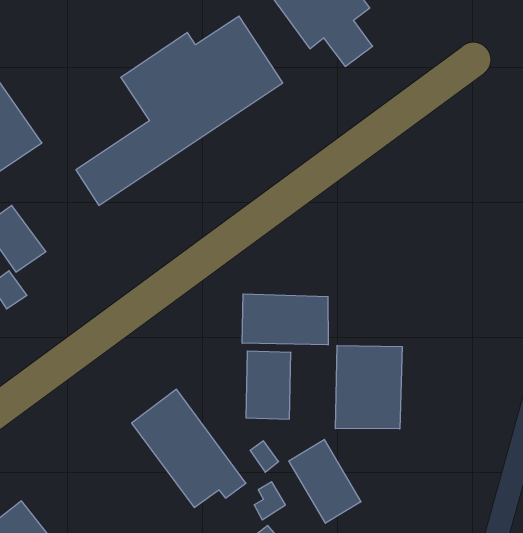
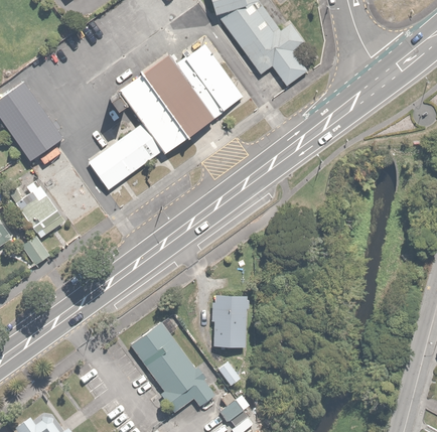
building: [242,294,328,345] -> none
building: [335,345,402,429] -> none
building: [289,439,361,523] -> none

